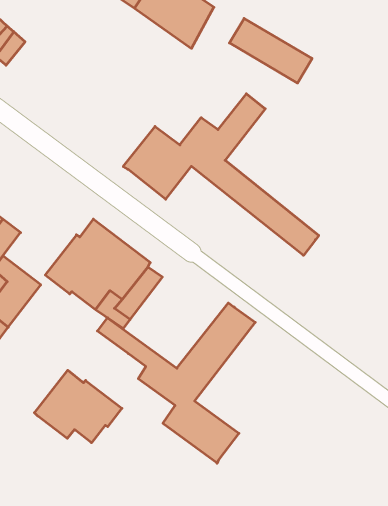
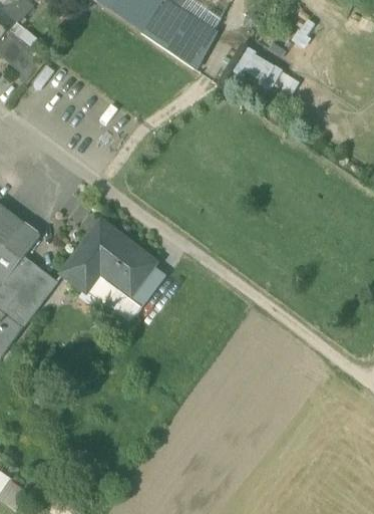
building: [123,94,319,255] -> none
building: [97,303,255,463] -> none
building: [34,370,122,443] -> none

